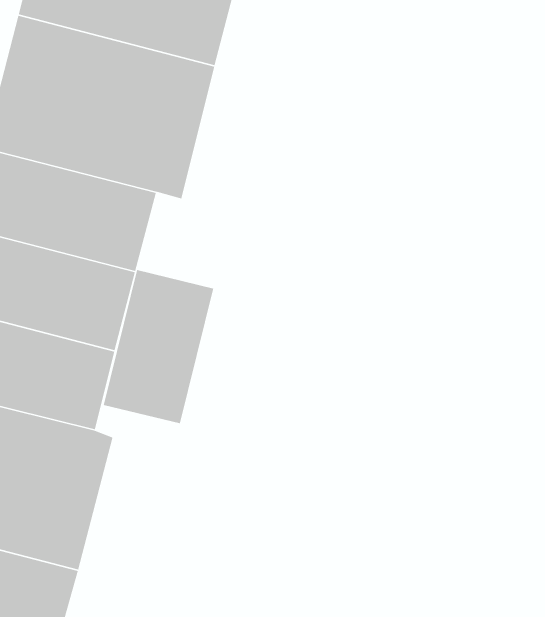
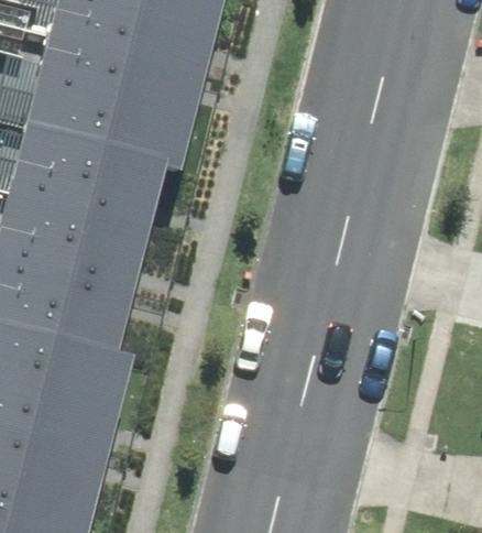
building: [103,269,214,424] -> none

